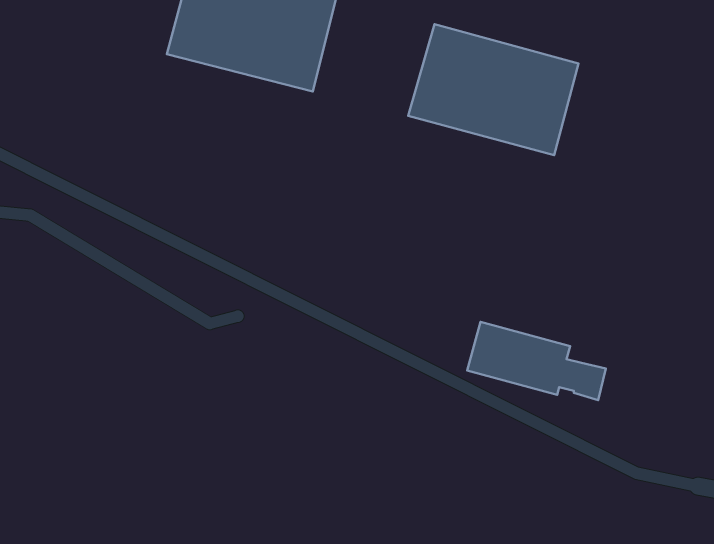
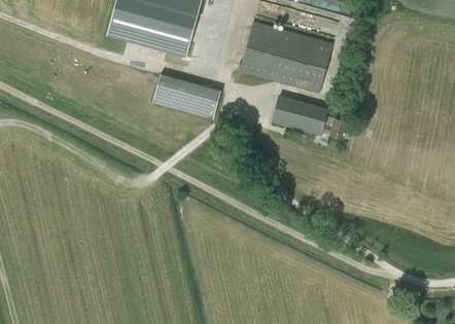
building: none -> [153,73,221,117]
building: [467,322,606,400] -> [272,95,348,138]

